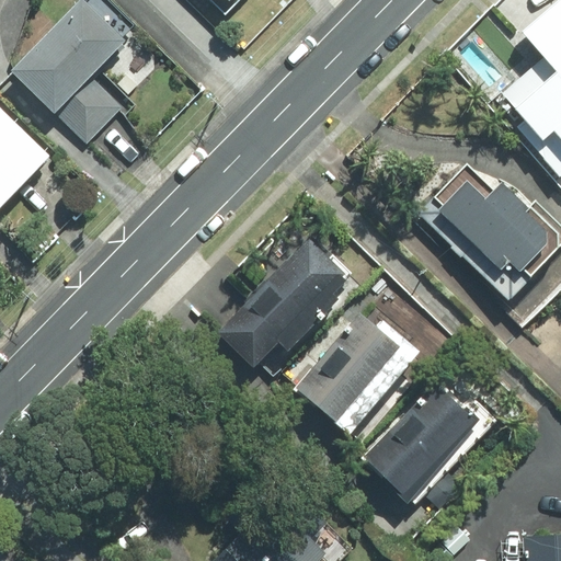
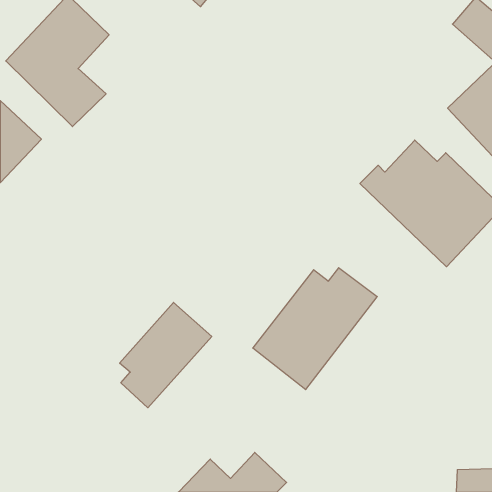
building: [219,233,352,365] -> none
building: none -> [120,302,212,408]
building: [359,380,500,522] -> none

